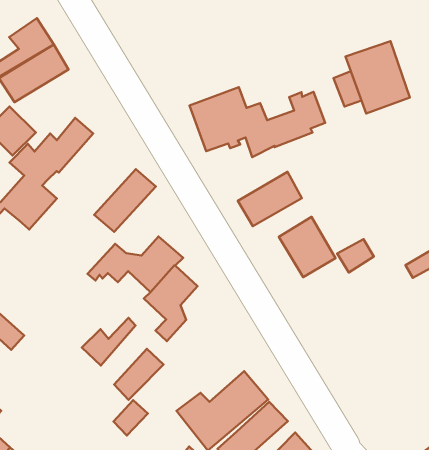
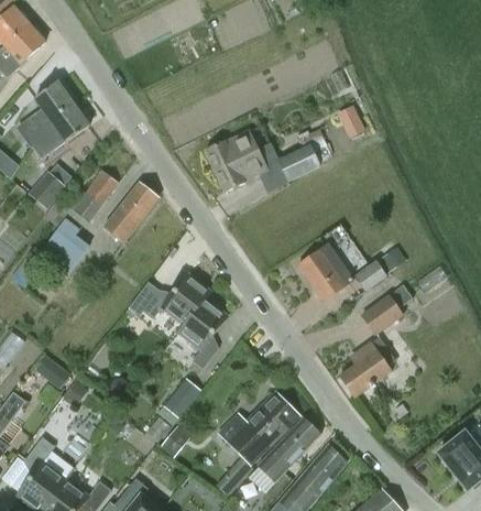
building: [346,41,410,113] -> none
building: [94,169,156,232] -> [103,183,158,242]
building: [238,172,302,226] -> none
building: none -> [360,284,413,336]
building: [82,318,136,366] -> none
building: none -> [340,341,391,396]

